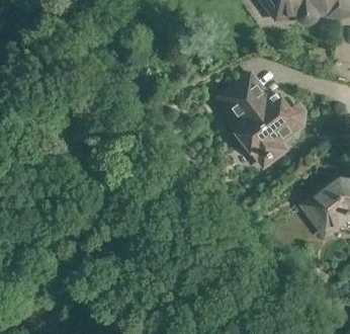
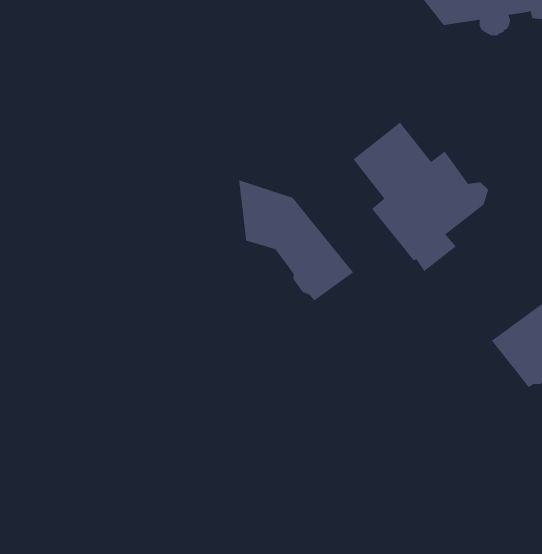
building: none -> [238,179,354,301]

